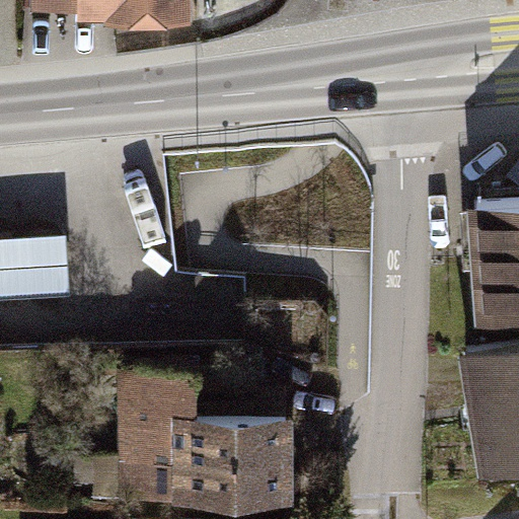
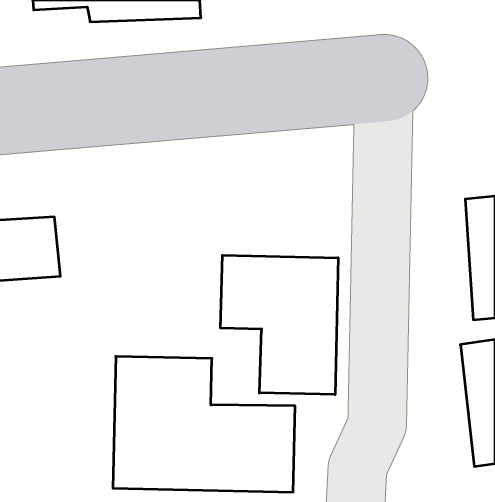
building: none -> [221,255,338,395]

